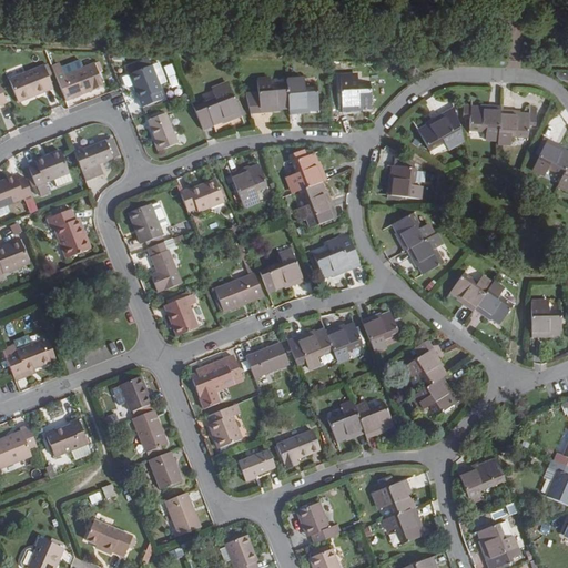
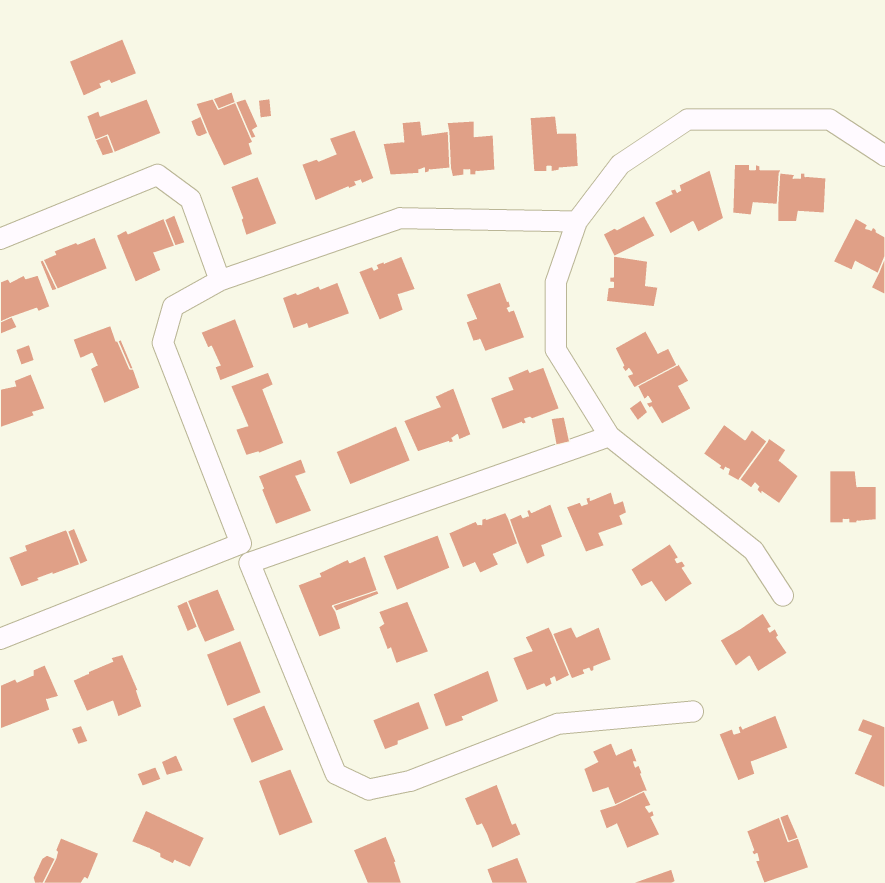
building: [10,65,53,102] -> [69,39,137,96]
building: none -> [603,215,655,256]
building: [287,150,324,191] -> none
building: [413,376,456,414] -> [720,613,787,672]
building: [210,407,242,447] -> [378,601,429,664]

